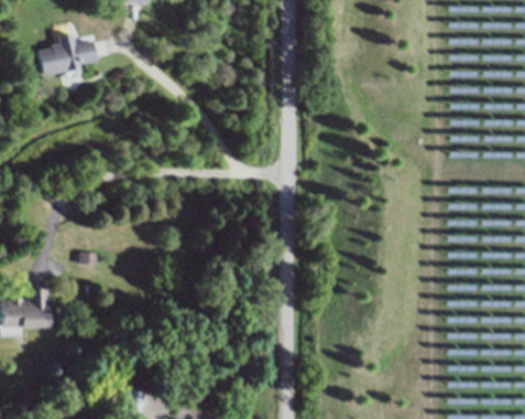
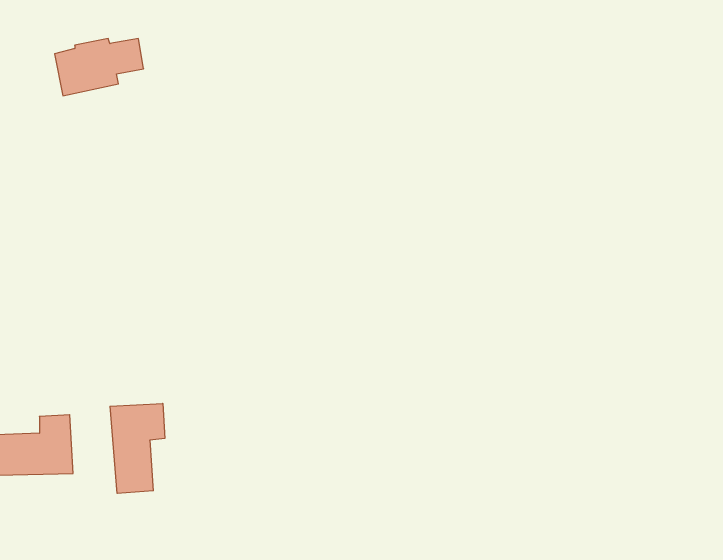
building: none -> [110,403,165,493]

